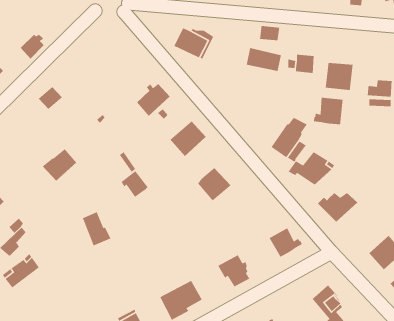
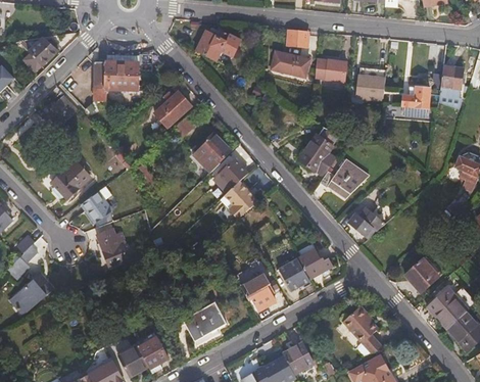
building: none -> [94,53,138,99]
building: [313,97,344,125] -> none
building: none -> [211,157,248,193]
building: [120,170,149,198] -> [81,190,111,220]
building: none -> [277,256,309,291]

